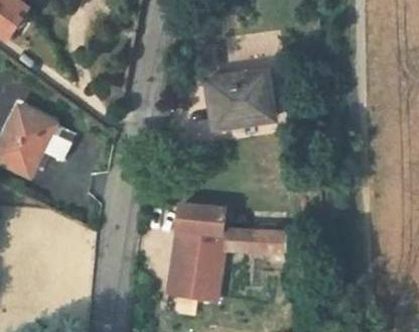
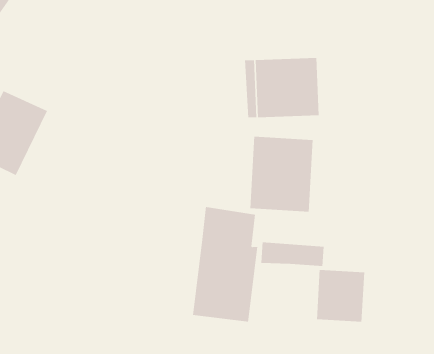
building: none -> [250,136,313,212]
building: none -> [316,269,365,322]

